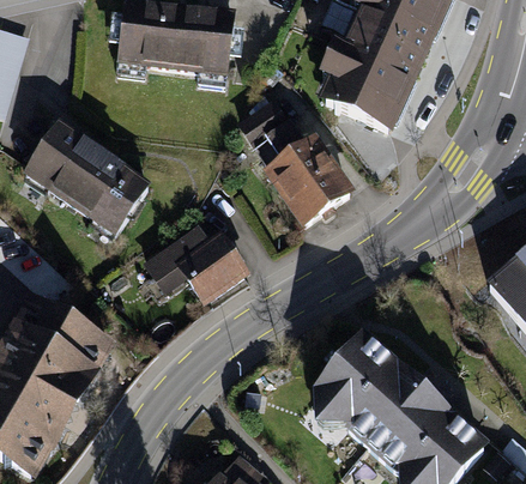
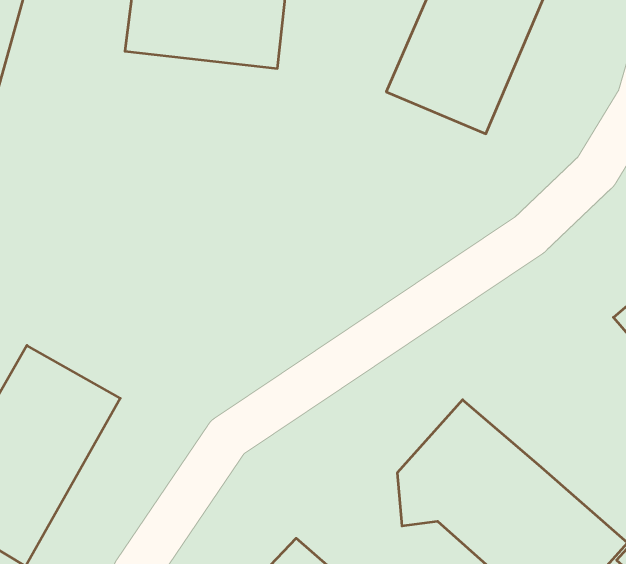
building: [234,111,356,241] -> none
building: [28,115,156,228] -> none
building: [145,218,255,298] -> none

